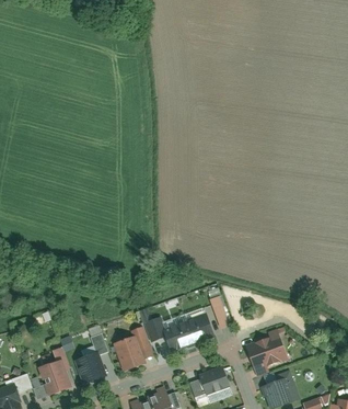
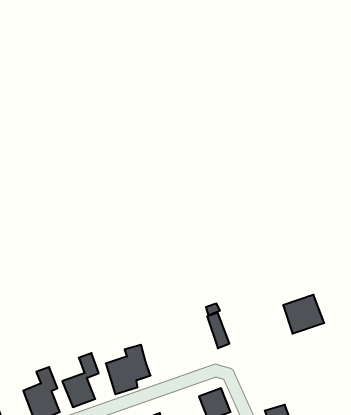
building: [146,311,211,351] -> none
building: [251,333,289,370] -> [283,295,324,334]

